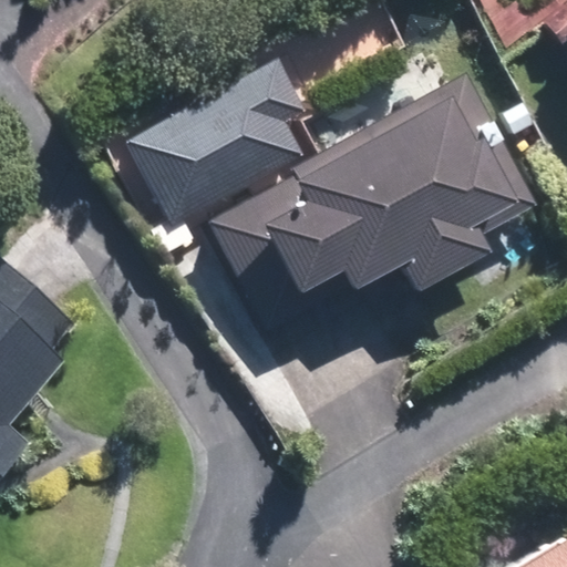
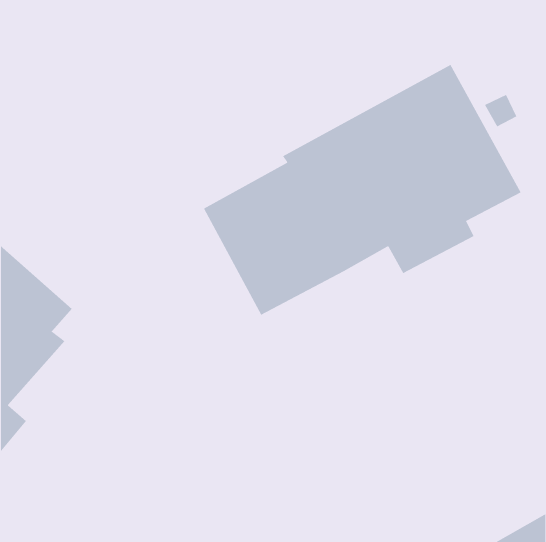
building: [109,66,293,235] -> none

